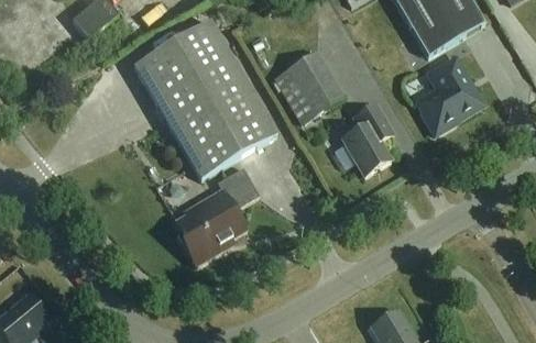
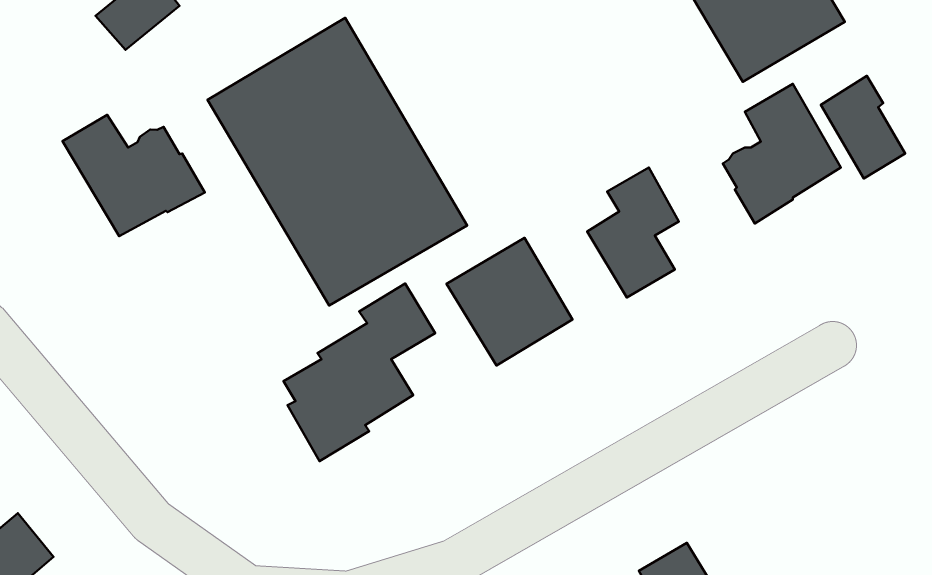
building: [275,51,344,121] -> [447,238,572,366]
building: none -> [821,76,905,178]
building: none -> [62,115,205,236]

